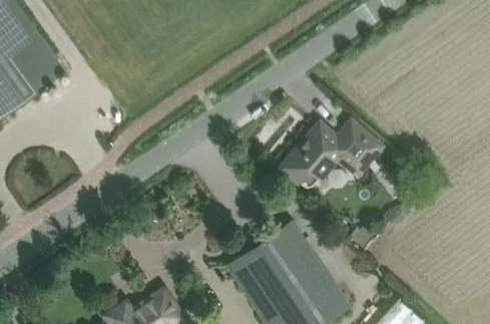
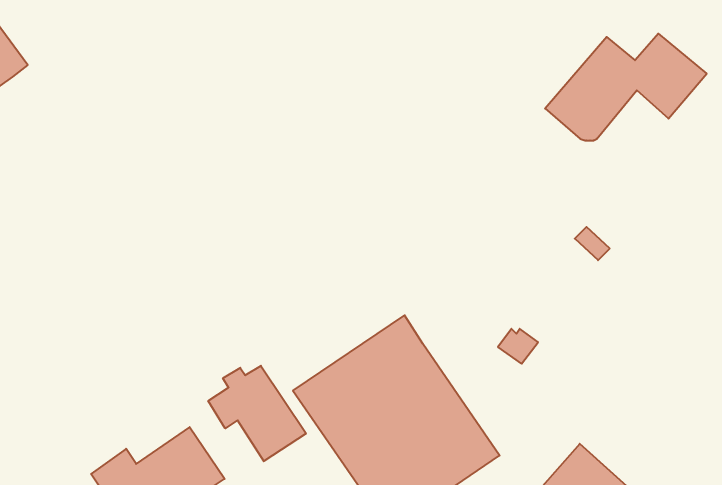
building: [283,122,380,187] -> [545,34,707,140]
building: none -> [208,366,306,461]

